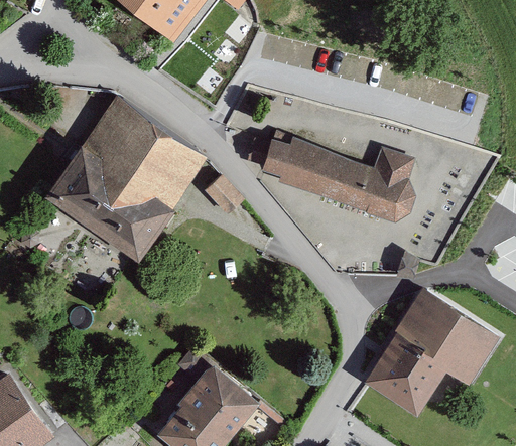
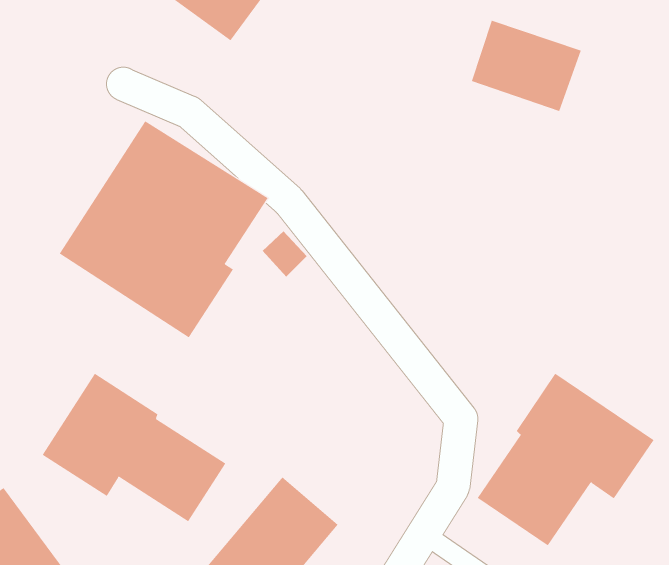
building: none -> [471,20,581,112]
building: [262,139,412,221] -> none
building: none -> [42,373,226,522]

